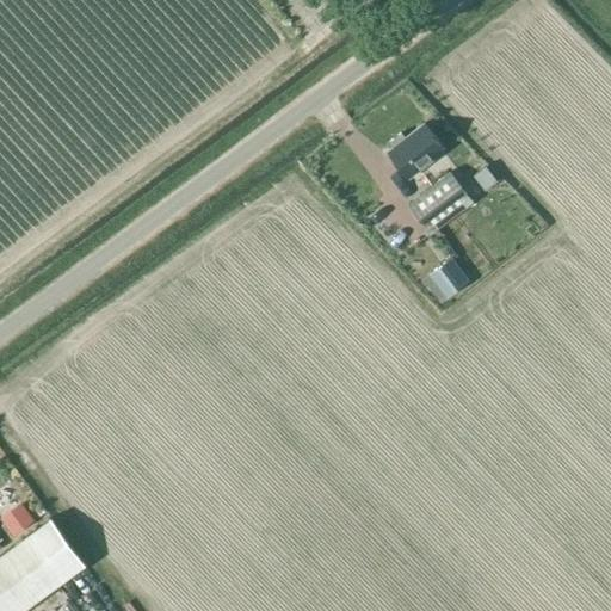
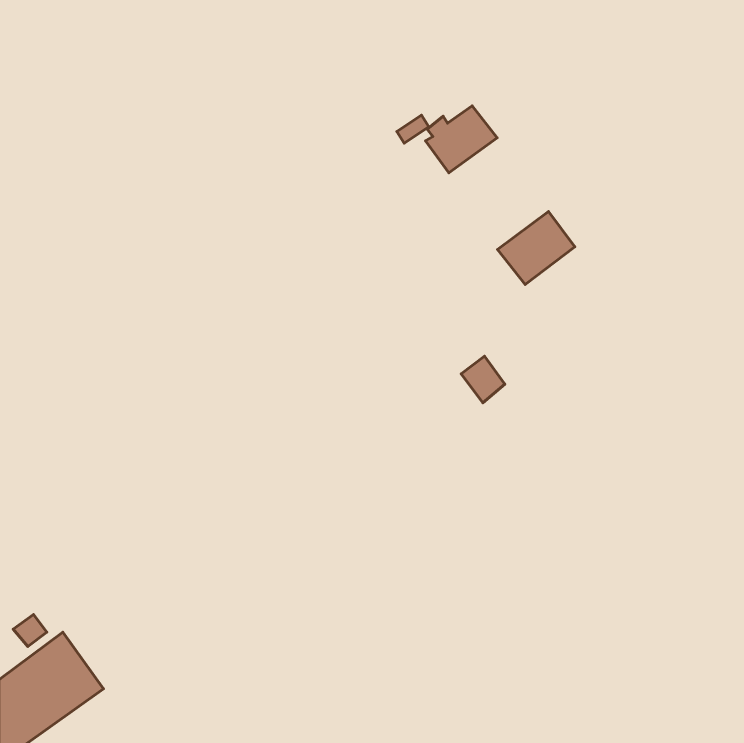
building: [387,125,445,180] -> [426,106,497,173]
building: [431,260,467,298] -> [461,356,505,403]

